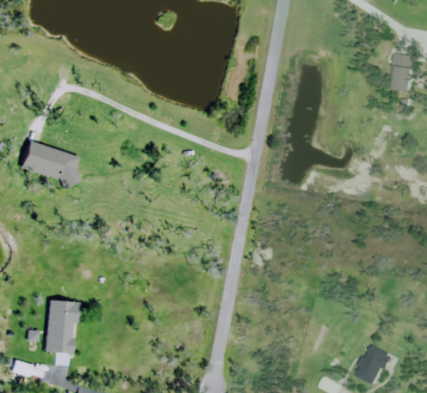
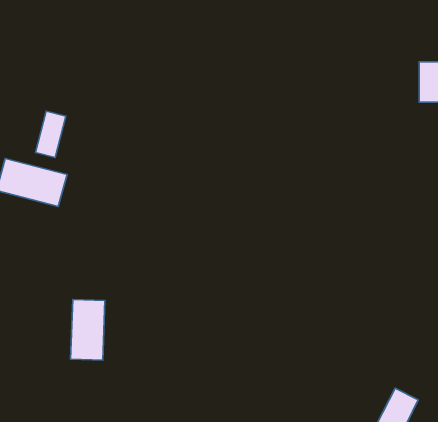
building: none -> [36,111,66,157]
building: [45,300,75,353] -> [70,299,105,360]

